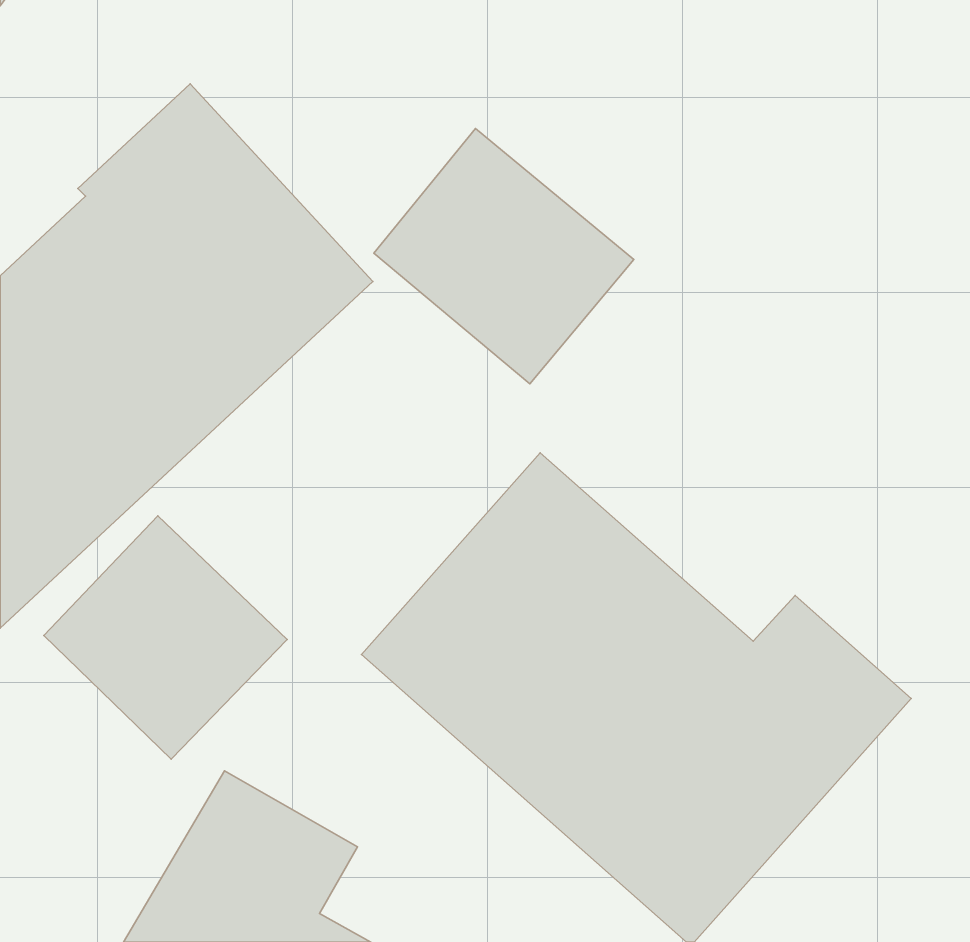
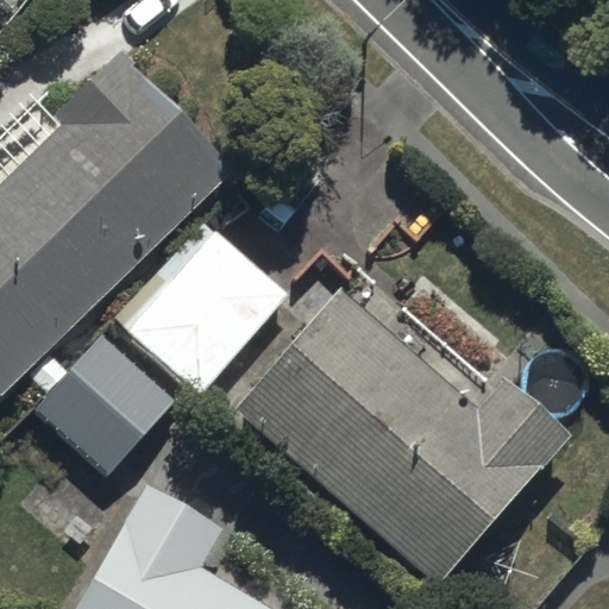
building: [374,129,634,384] -> none
building: none -> [124,226,287,404]

